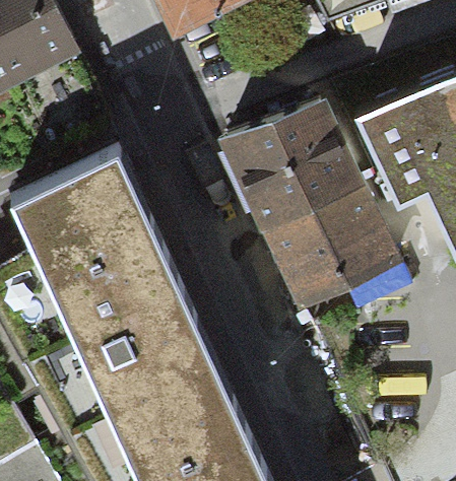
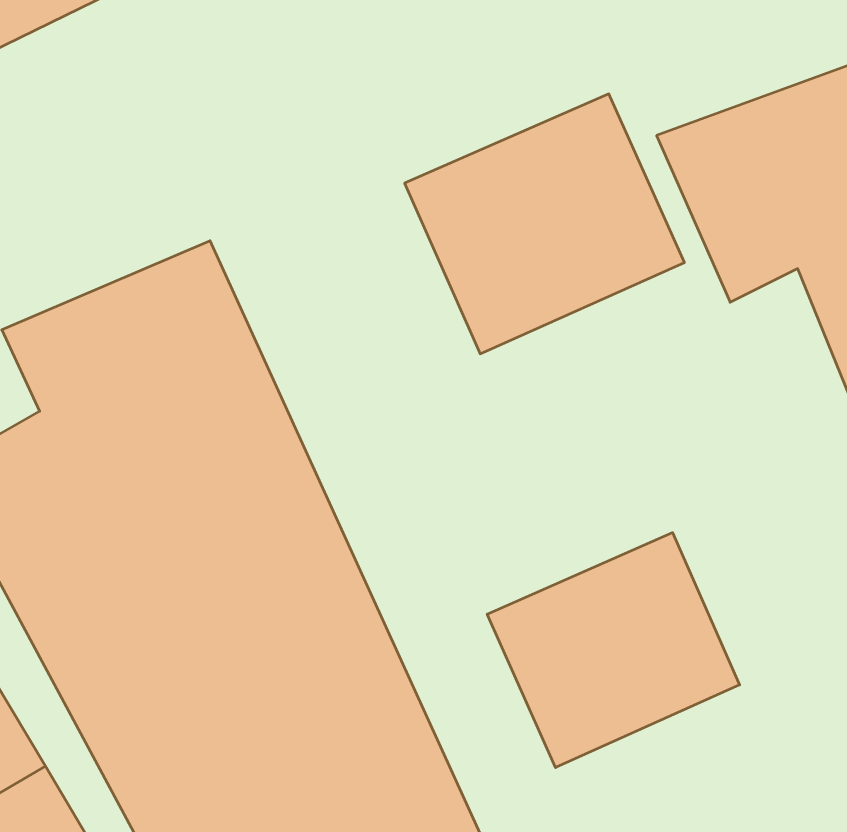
building: [261,178,403,307] -> none
building: none -> [487,533,740,768]

